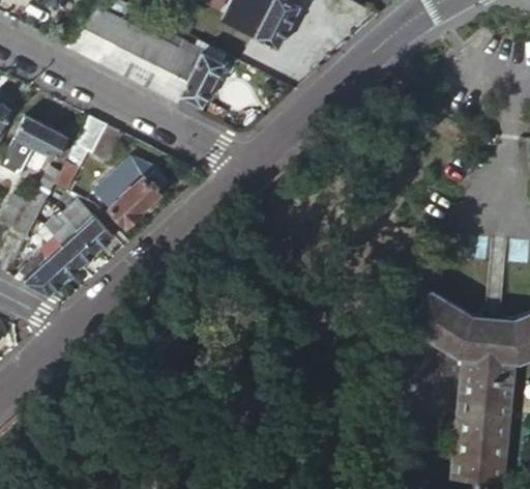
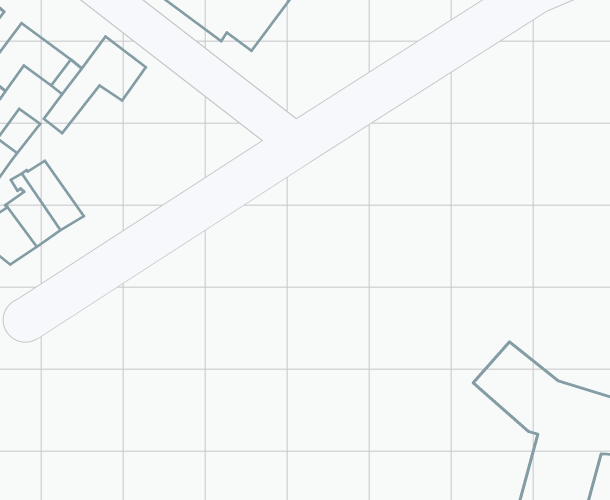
building: [97,160,172,224] -> none
building: [61,202,113,251] -> none

